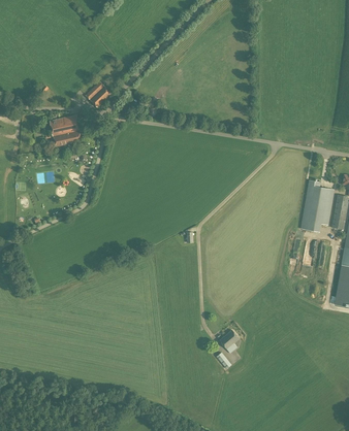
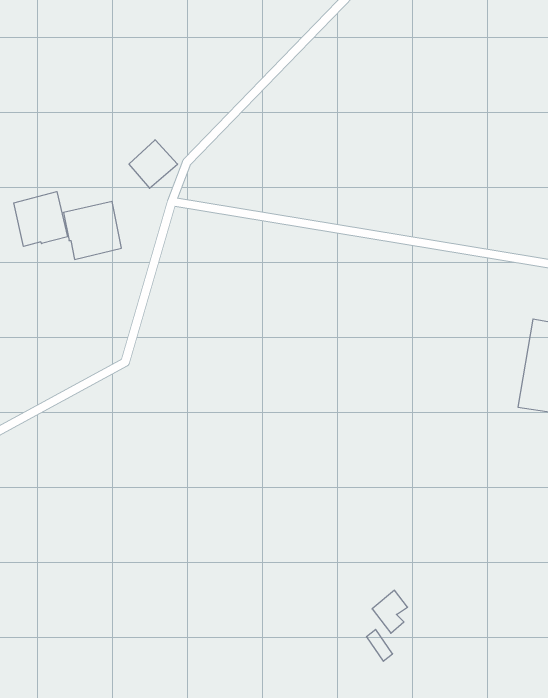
building: none -> [14,192,67,246]

